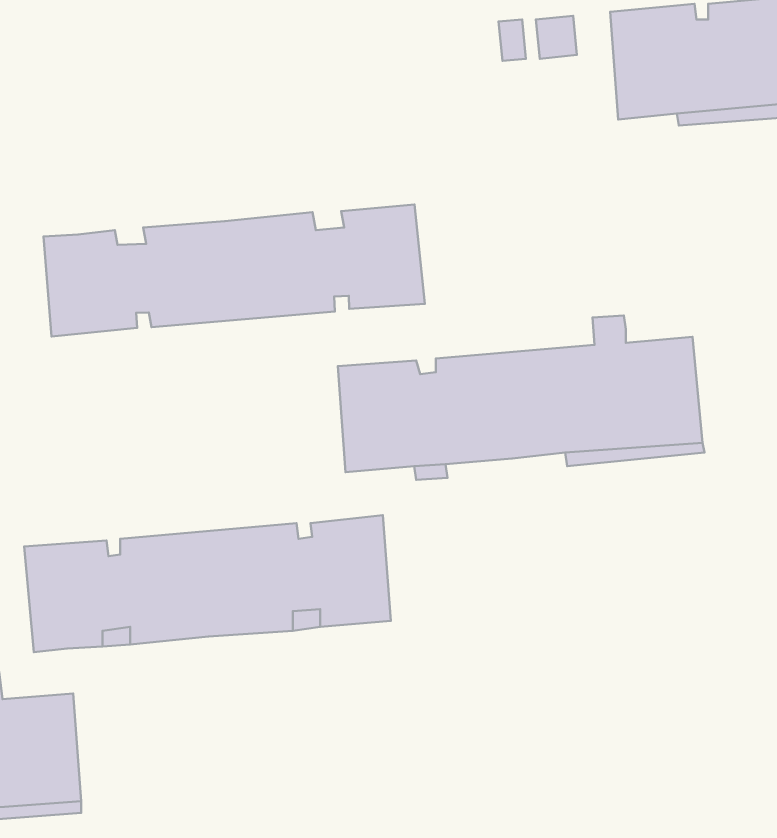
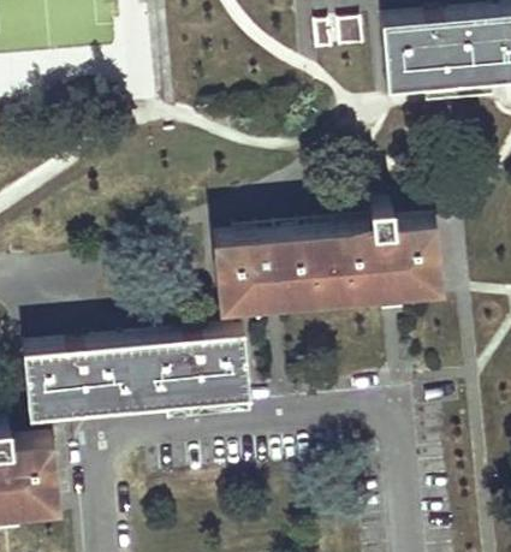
building: [43,204,425,336] -> none

